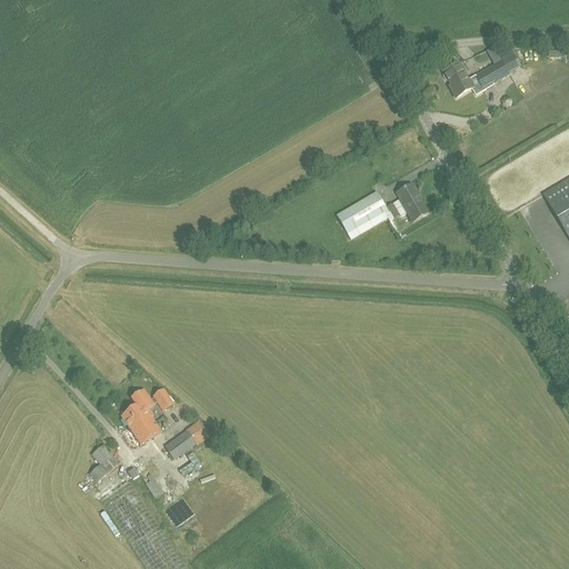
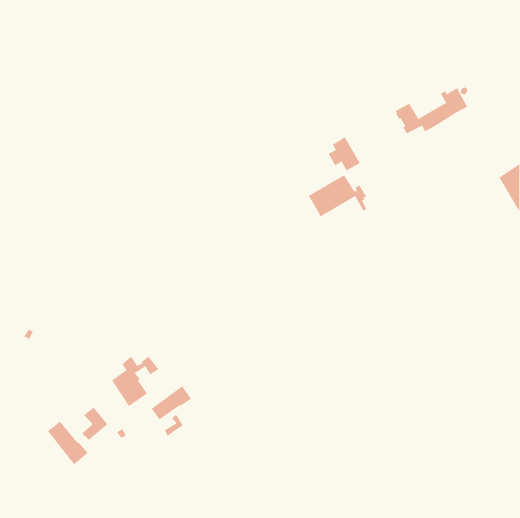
building: [442,44,521,96] -> [395,87,468,134]
building: [392,182,428,220] -> [328,137,360,171]
building: none -> [47,421,89,465]

